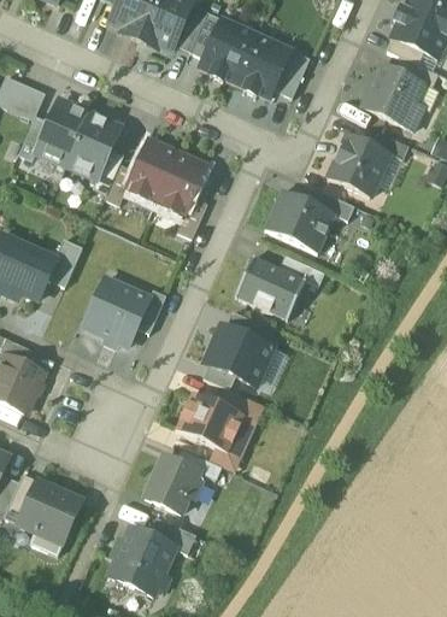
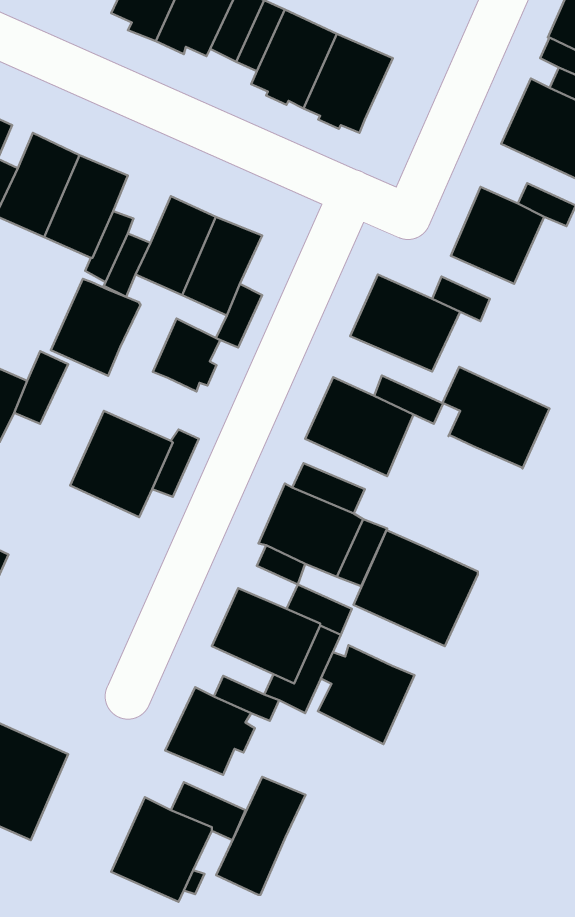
building: [272,49,308,96] -> none
building: none -> [51,279,140,376]
building: none -> [153,318,220,391]
building: none -> [442,367,549,468]
building: none -> [354,530,478,646]
building: none -> [318,645,415,744]
building: none -> [216,777,306,895]

